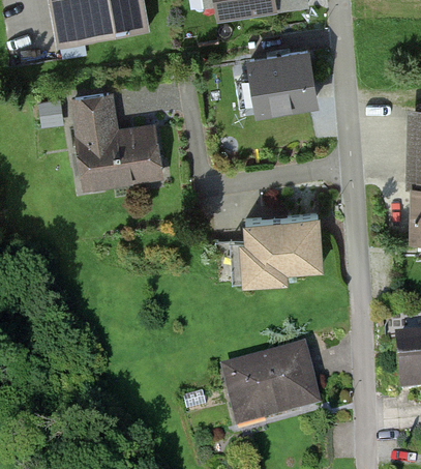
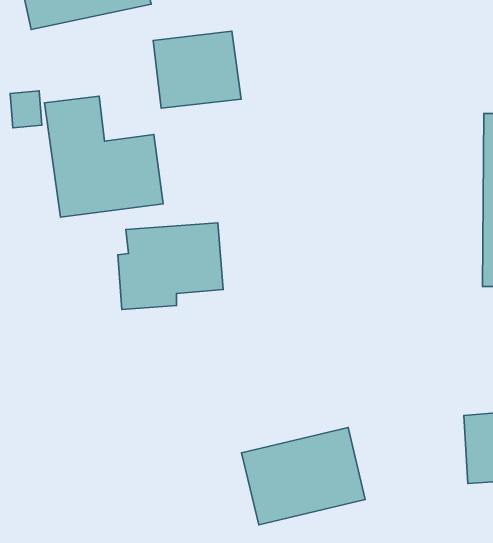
building: [247,52,315,112] -> [153,31,241,108]
building: [238,216,320,284] -> [118,223,223,309]

